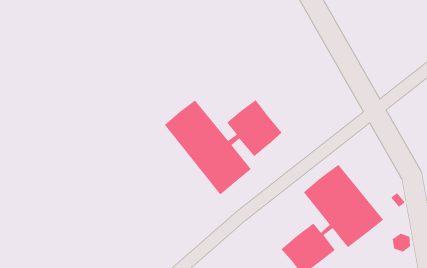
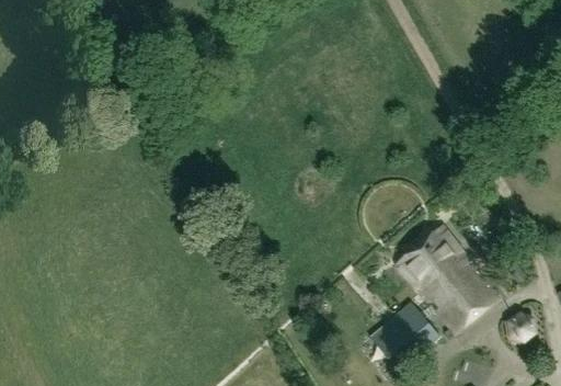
building: [164,99,283,195] -> none

